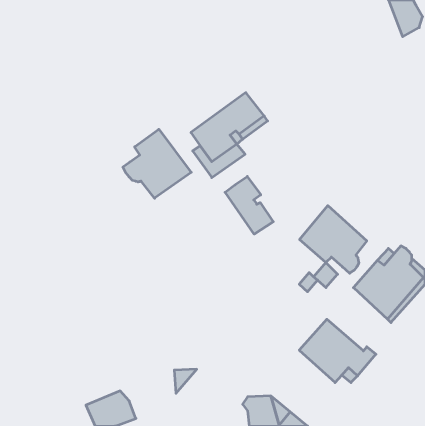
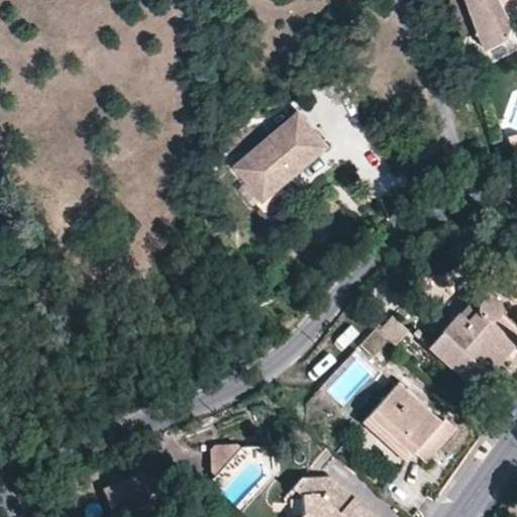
building: [123,129,191,198] -> none
building: [225,176,273,234] -> none
building: [300,206,367,273] -> none

